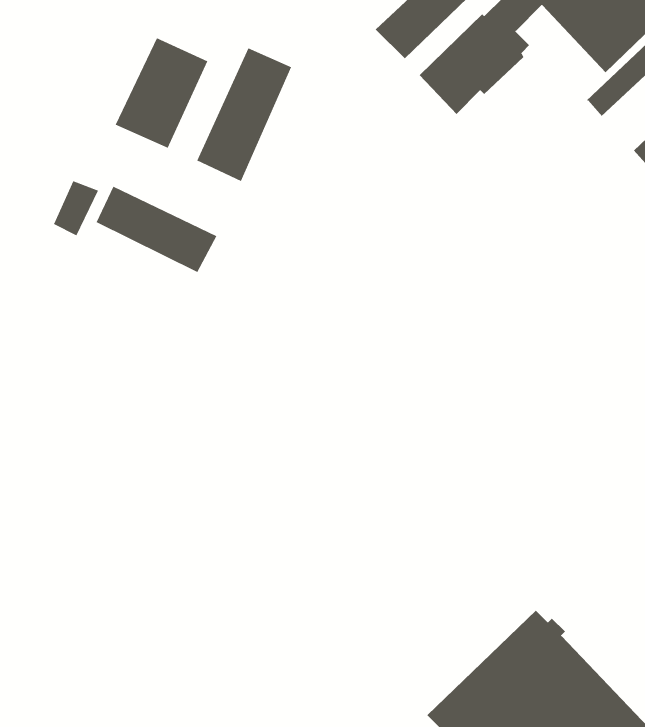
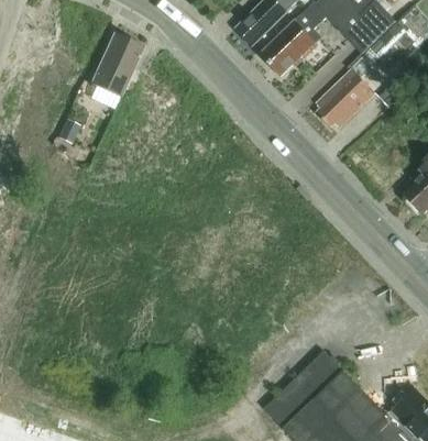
building: [197,47,292,182] -> none
building: none -> [317,67,376,126]
building: [96,186,217,273] -> none

